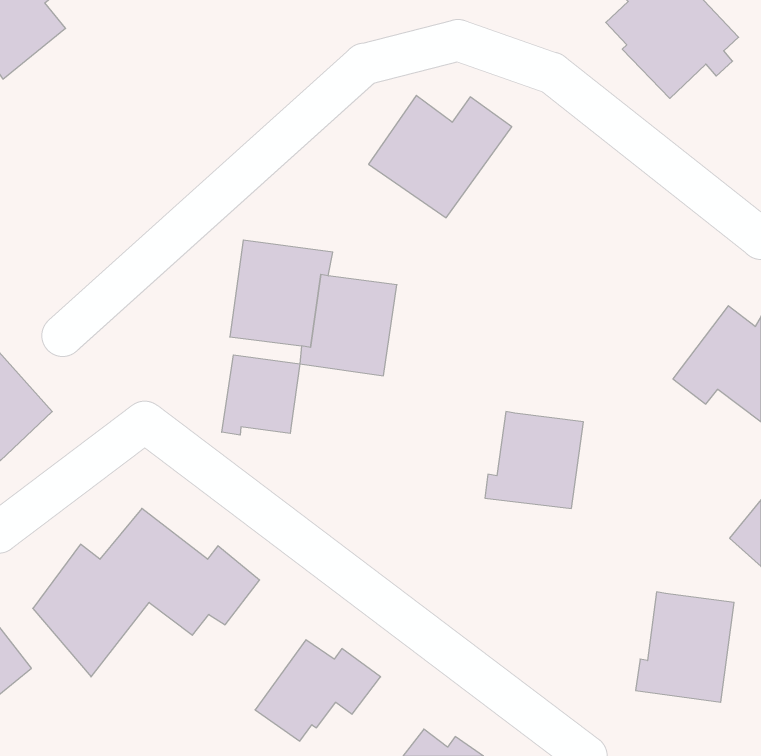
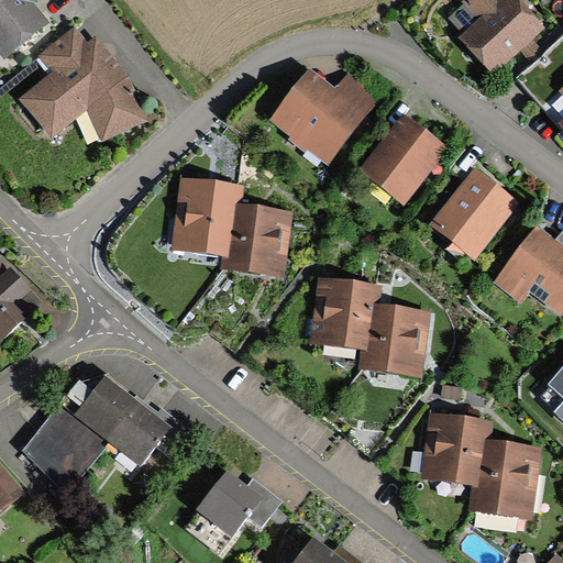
building: none -> [22,30,146,139]
building: none -> [358,113,448,206]
building: none -> [428,168,516,258]
building: [222,355,300,435] -> none
building: none -> [311,276,382,351]
building: none -> [421,413,493,487]

